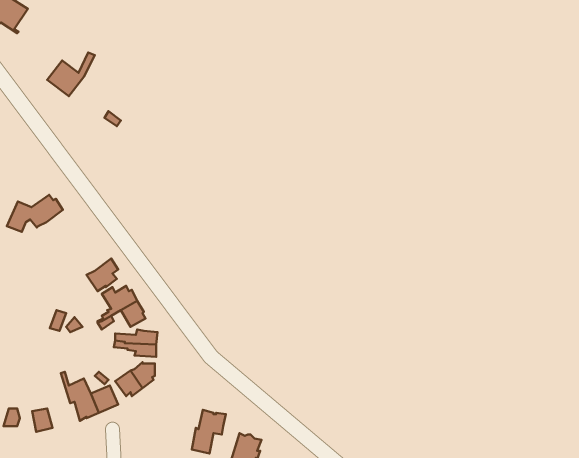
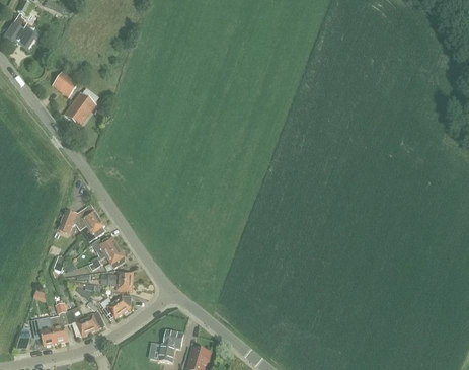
building: none -> [63,93,94,126]
building: [7,195,63,232] -> [57,206,98,233]
building: none -> [49,302,68,343]

